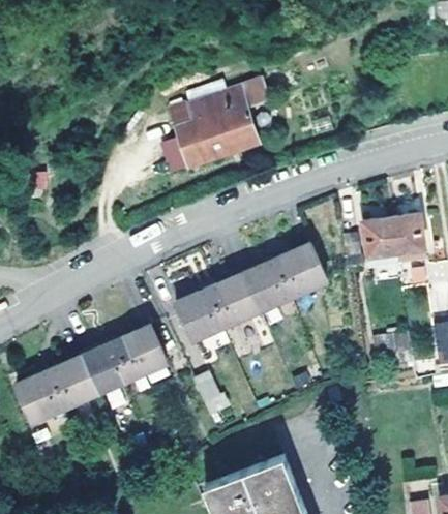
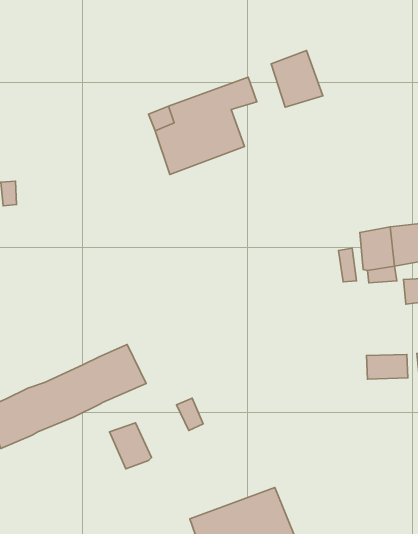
building: none -> [271,51,323,107]
building: [176,242,326,338] -> none
building: none -> [109,423,151,469]

